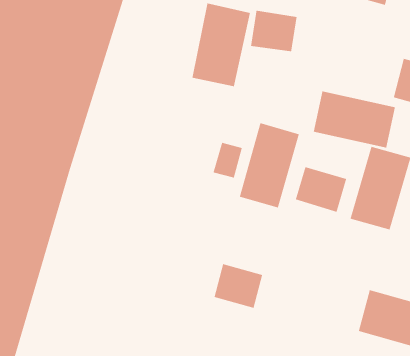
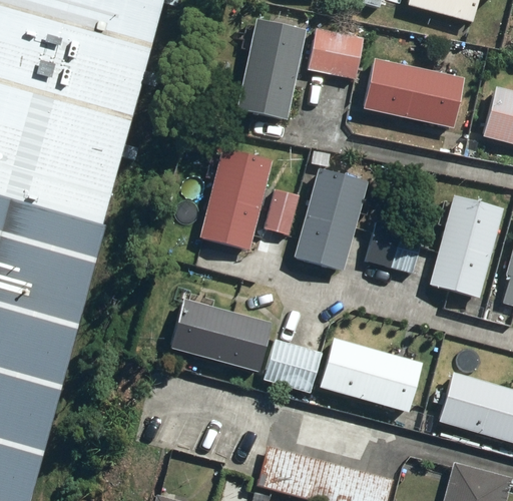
building: [313,91,396,148] -> [364,57,466,128]
building: none -> [199,143,276,252]
building: none -> [172,298,277,373]
building: none -> [320,339,424,414]

